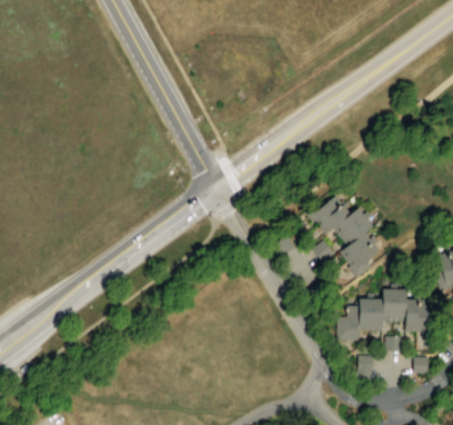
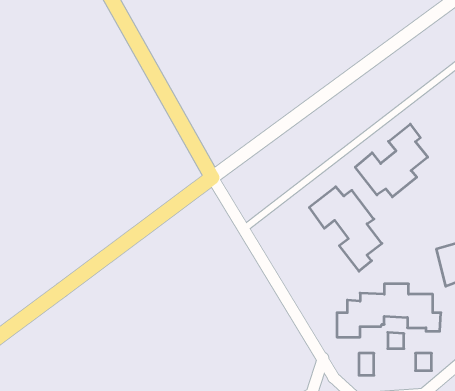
building: none -> [355,124,428,197]

